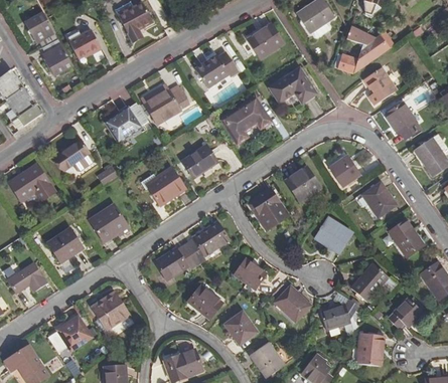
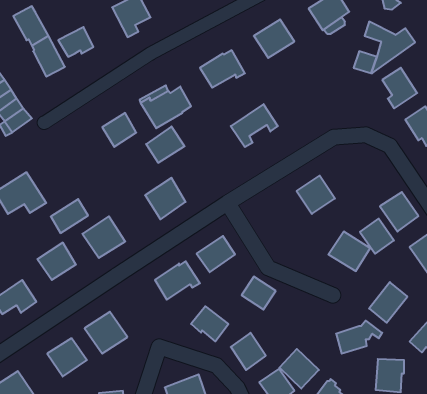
building: [268,66,316,103] -> none
building: [54,139,89,170] -> [51,199,88,233]
building: [182,144,217,177] -> [146,126,185,163]
building: [329,154,360,186] -> [360,219,394,254]
building: [250,188,288,230] -> none
building: [275,285,311,322] -> [279,349,319,389]

